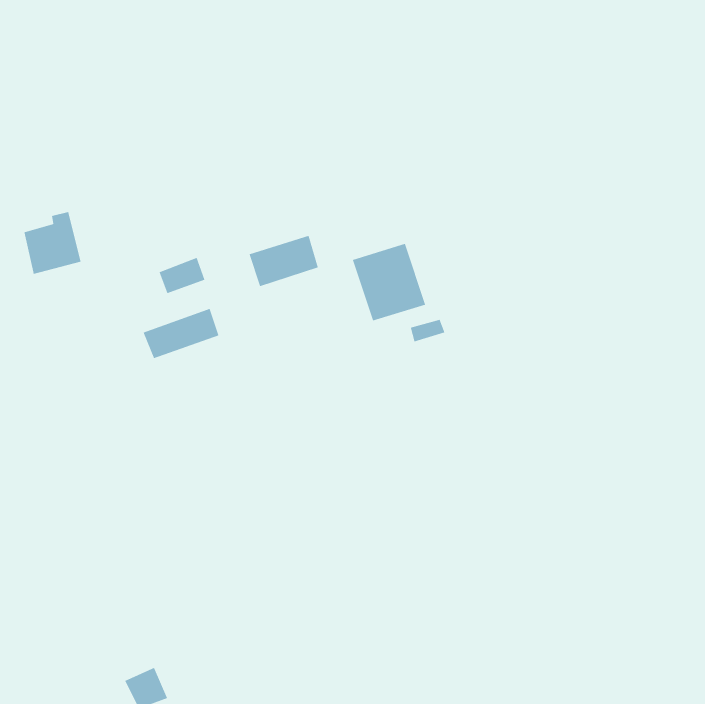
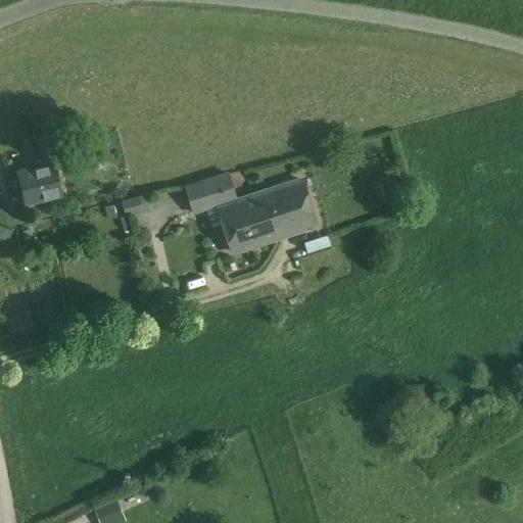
building: none -> [218,193,276,253]
building: [143,308,219,359] -> none

